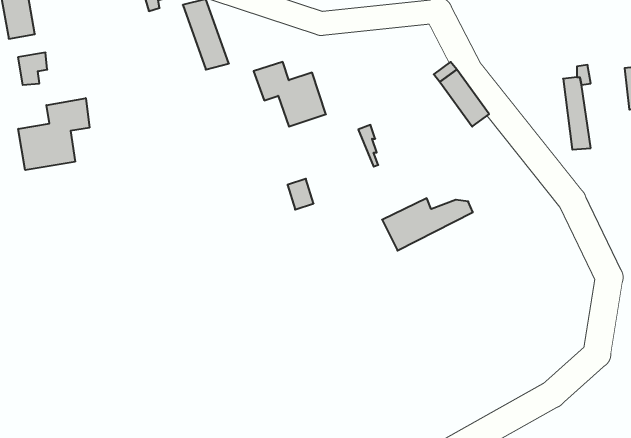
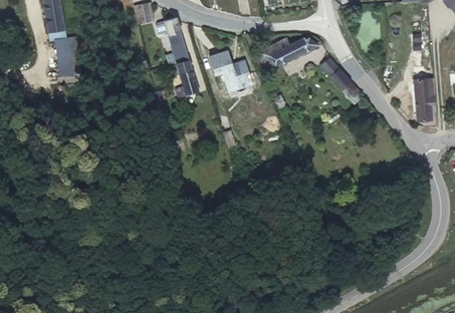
building: none -> [176,56,202,98]
building: [18,98,89,170] -> none
building: [382,198,473,251] -> [260,38,319,72]

